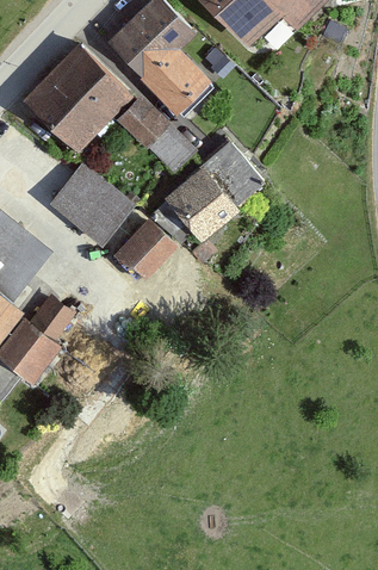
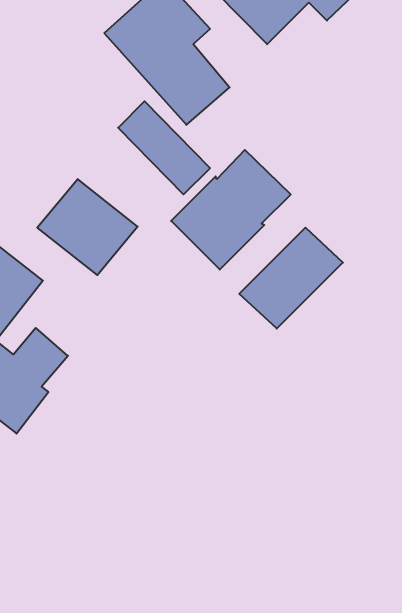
building: [24,43,134,153] -> none
building: none -> [239,228,343,329]
building: [112,218,179,285] -> none

